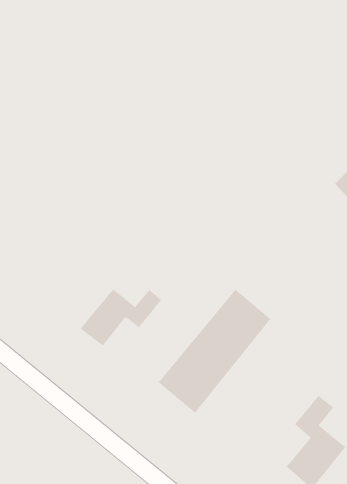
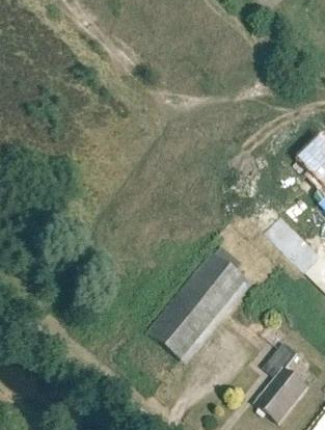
building: [80,289,162,346] -> none

